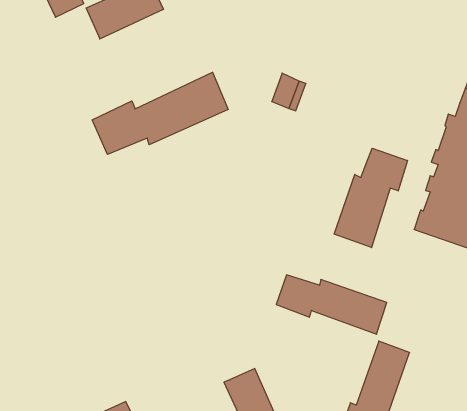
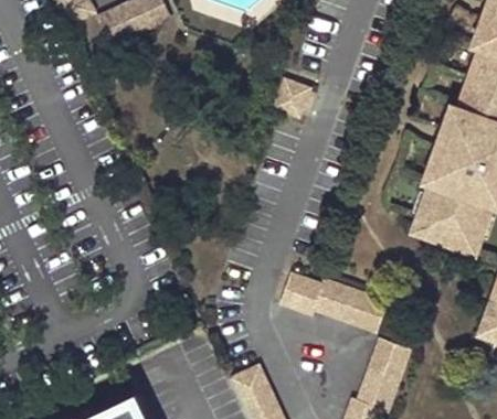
building: [92,72,228,154] -> none
building: [334,148,407,248] -> none

